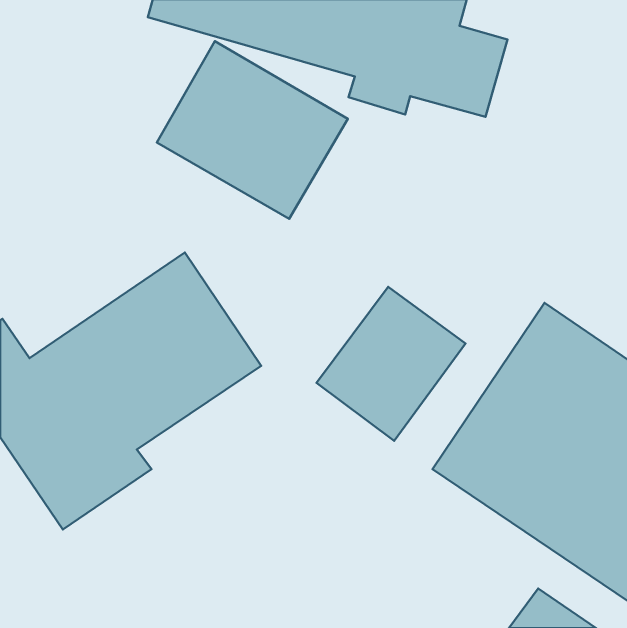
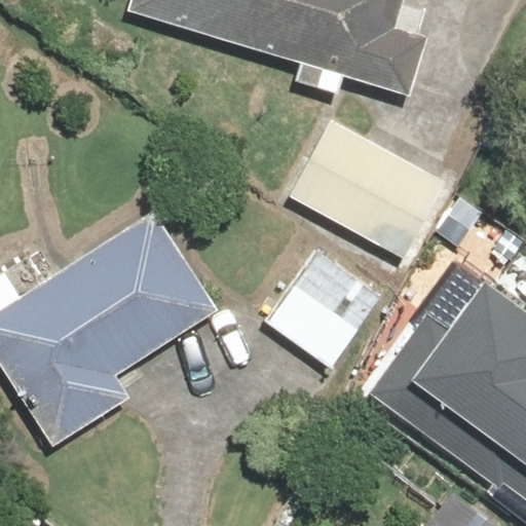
building: [157,41,348,219] -> none
building: none -> [287,120,441,259]

